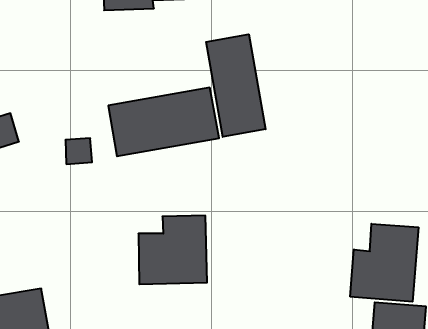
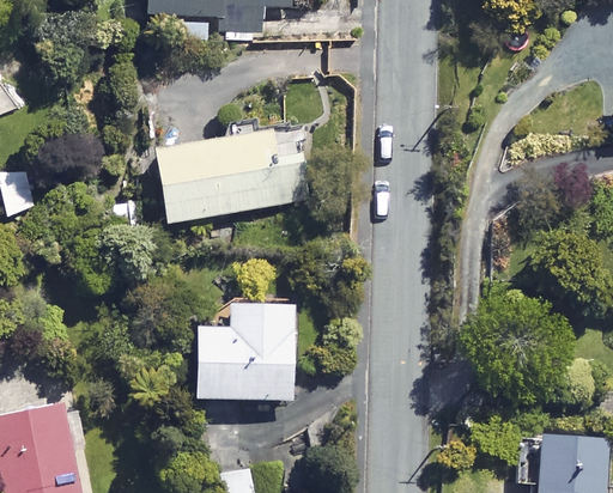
building: [206,34,266,137] -> none
building: [350,224,418,302] -> none

